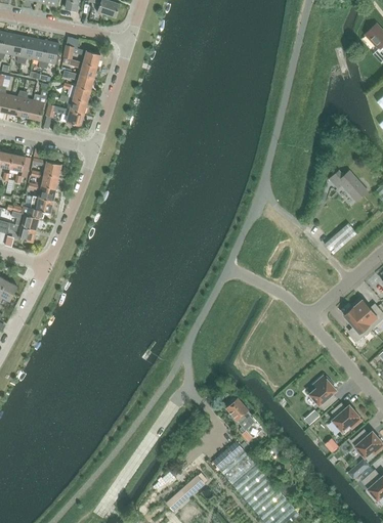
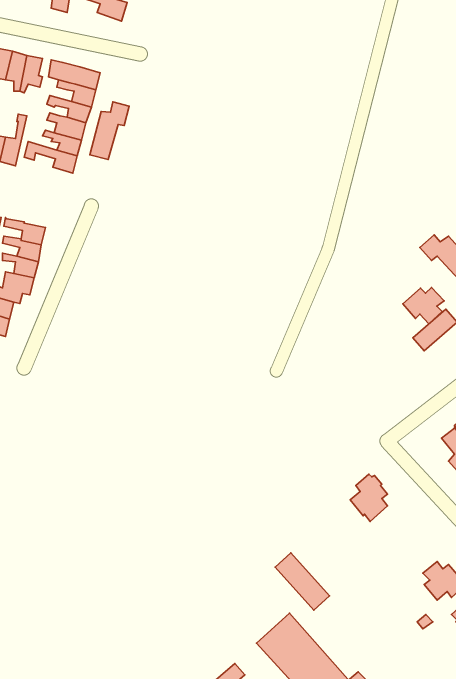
building: none -> [90,102,129,160]
building: none -> [403,287,444,324]
building: [309,376,336,409] -> [350,474,388,521]

